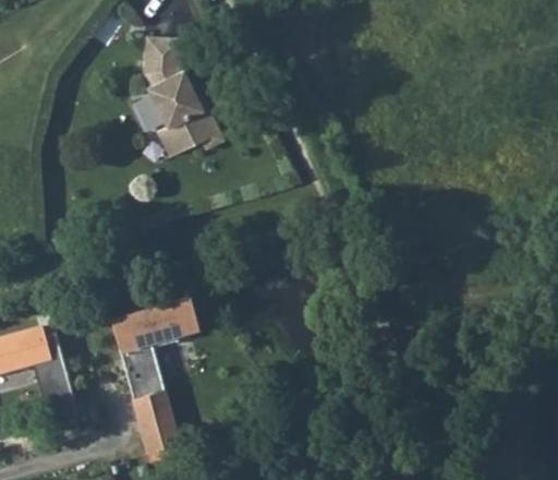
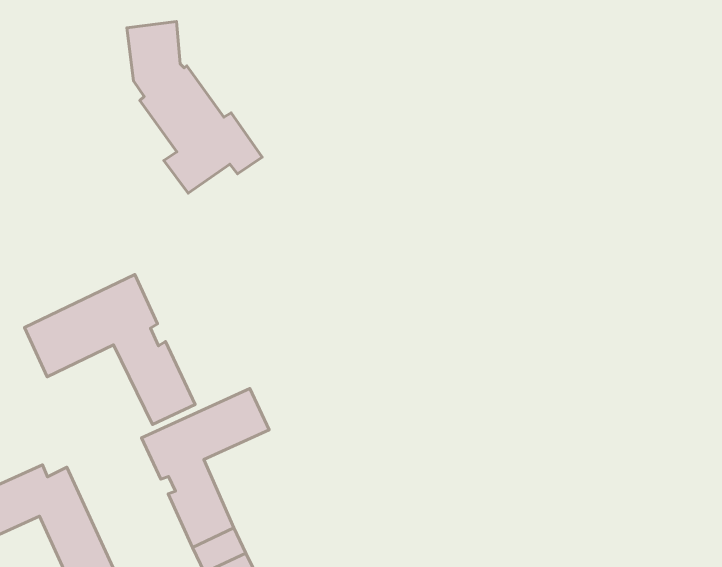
building: none -> [24,275,195,424]

